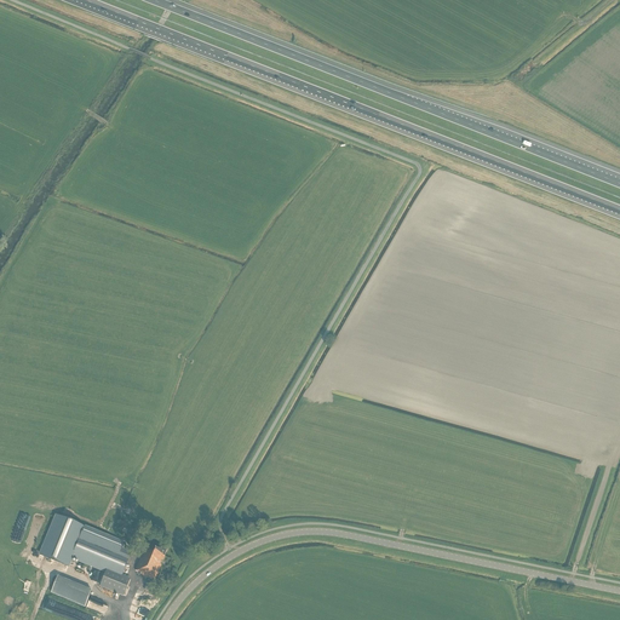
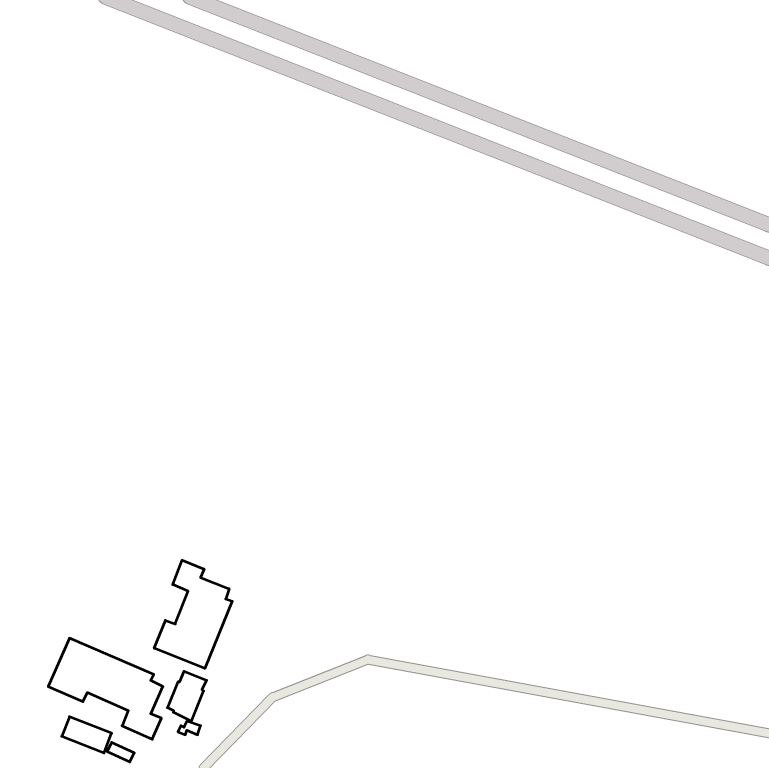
building: none -> [154,560,232,668]

